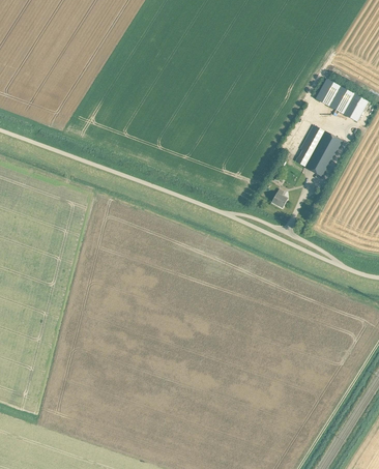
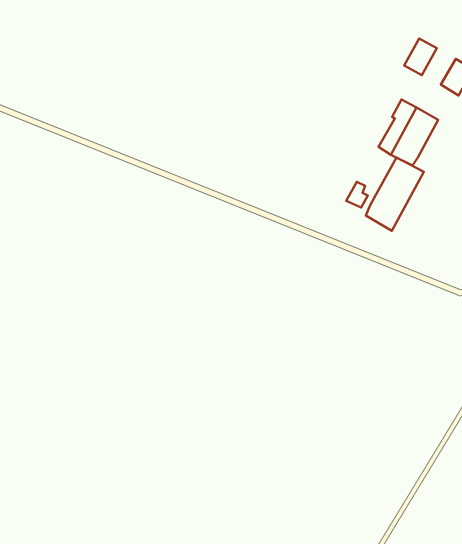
building: [328,85,354,113] -> none
building: none -> [366,158,424,231]

